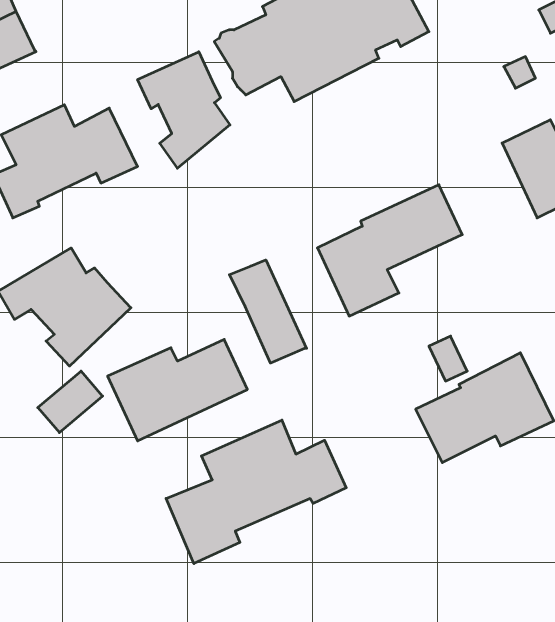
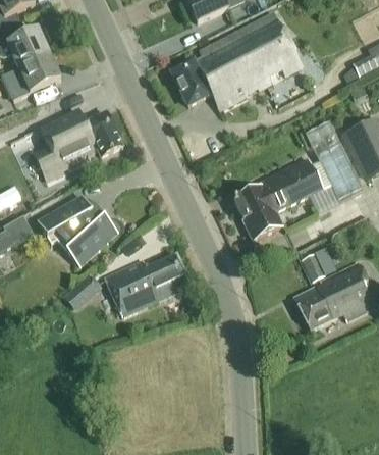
building: [138,52,230,168] -> none
building: none -> [305,120,361,199]
building: [229,260,307,363] -> none
building: [166,420,346,564] -> none

